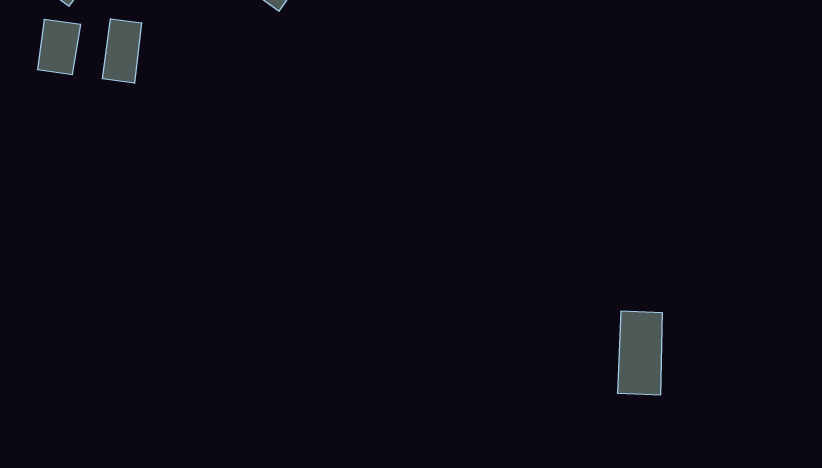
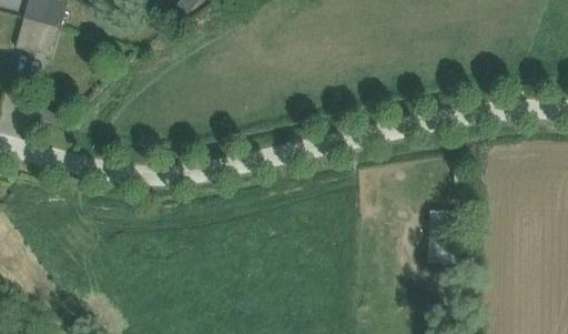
building: [102,19,141,83] -> none

